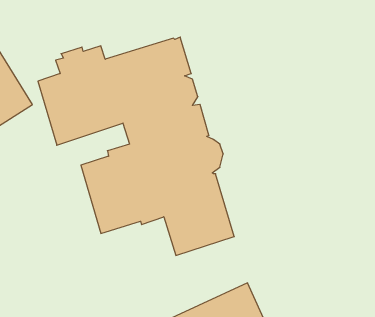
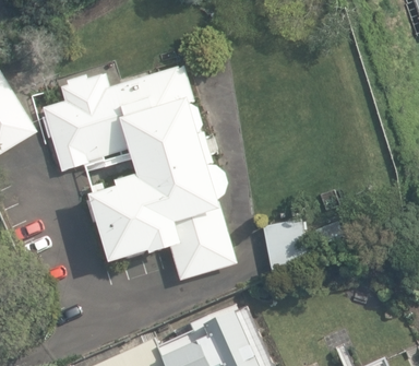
building: none -> [264,220,310,267]

